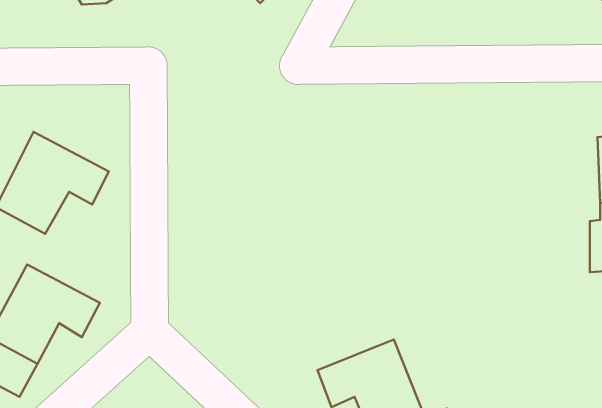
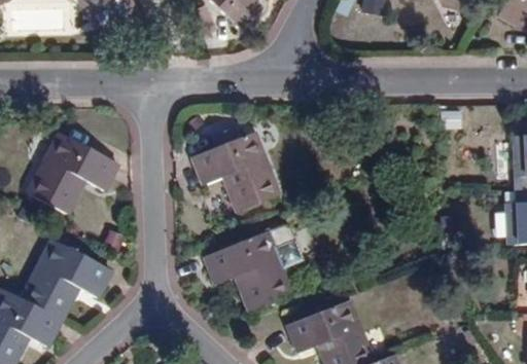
building: none -> [191,132,278,212]
building: none -> [204,231,290,312]

